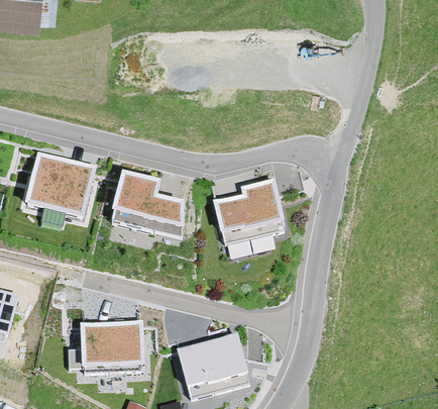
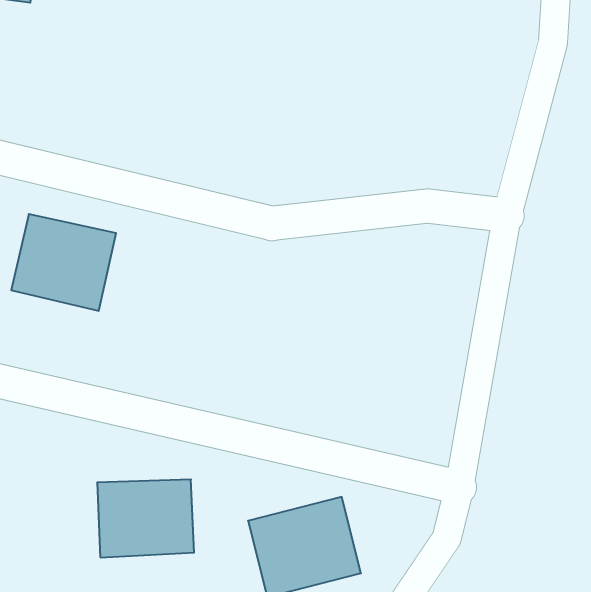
building: [111,175,181,239] -> none
building: [214,182,283,244] -> none

